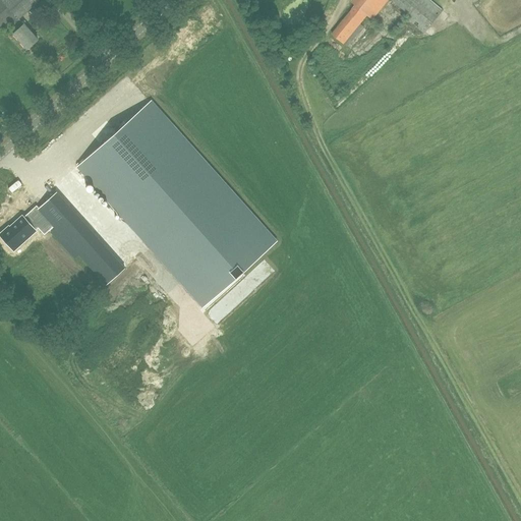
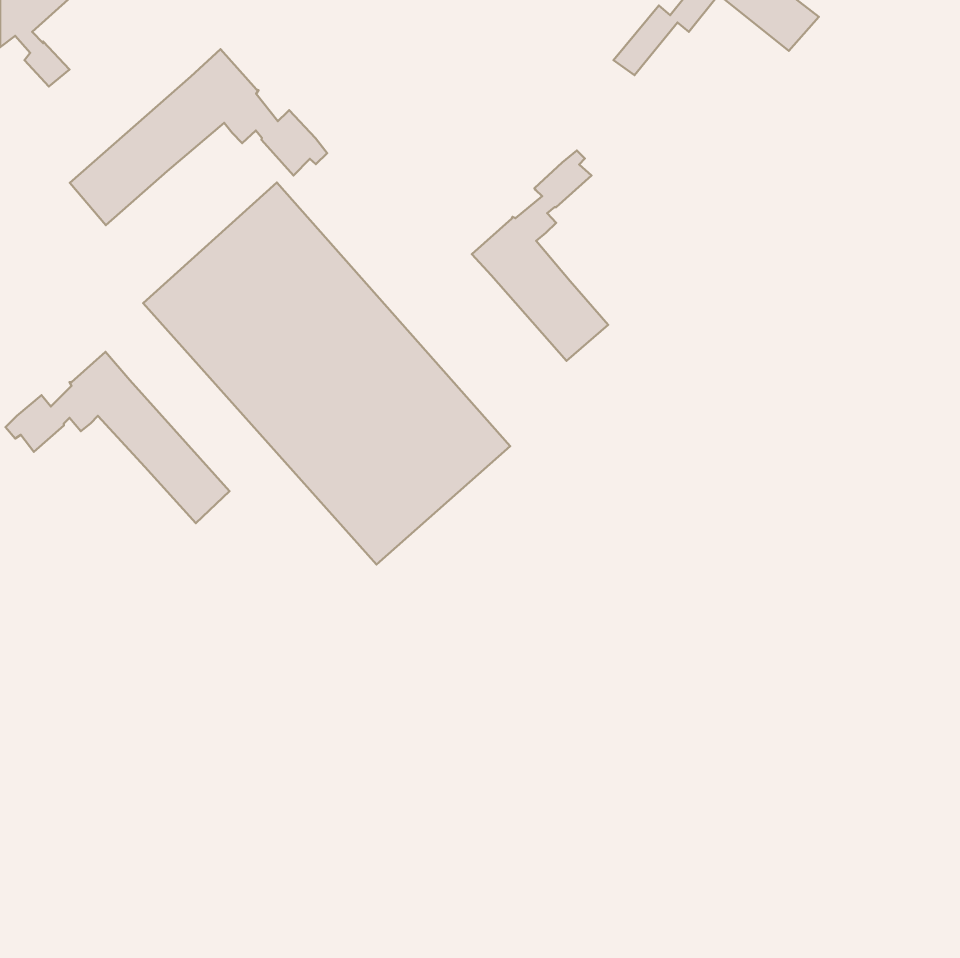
building: none -> [70,49,327,225]
building: none -> [472,151,608,361]

